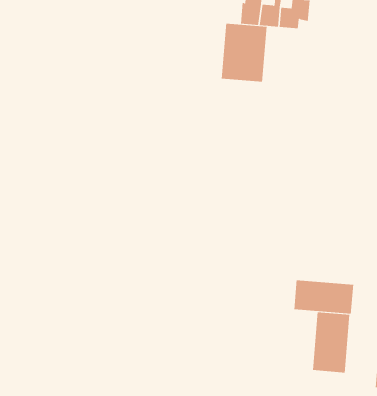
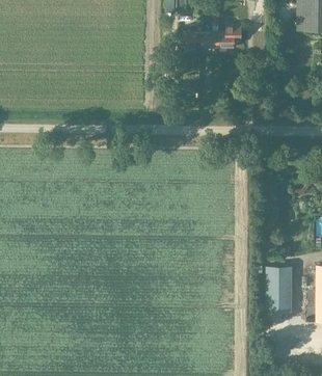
building: [221,23,267,82] -> none
building: [294,279,354,315] -> none

